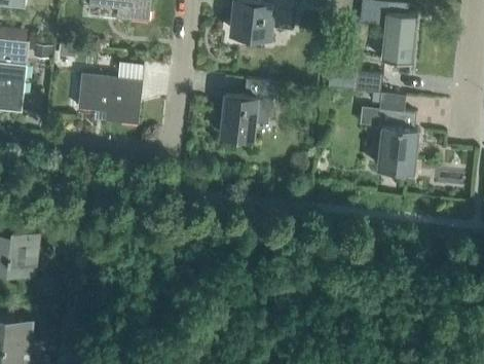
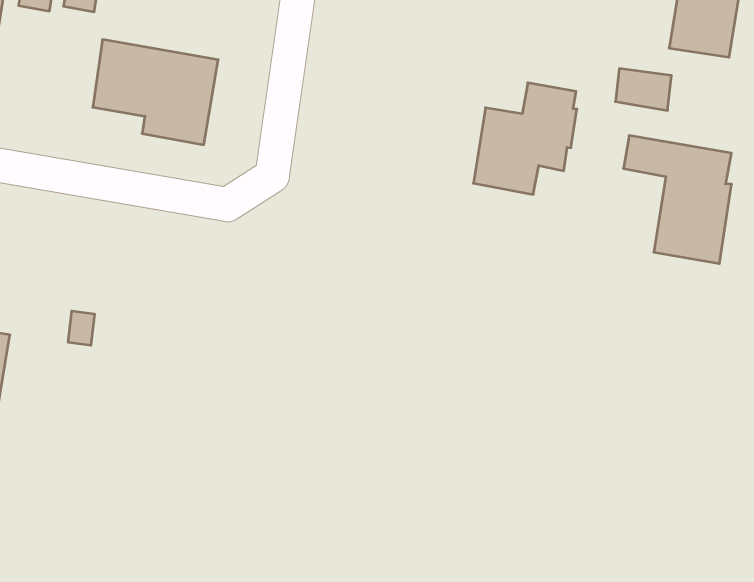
building: [220,81,272,140] -> [473,83,577,194]

